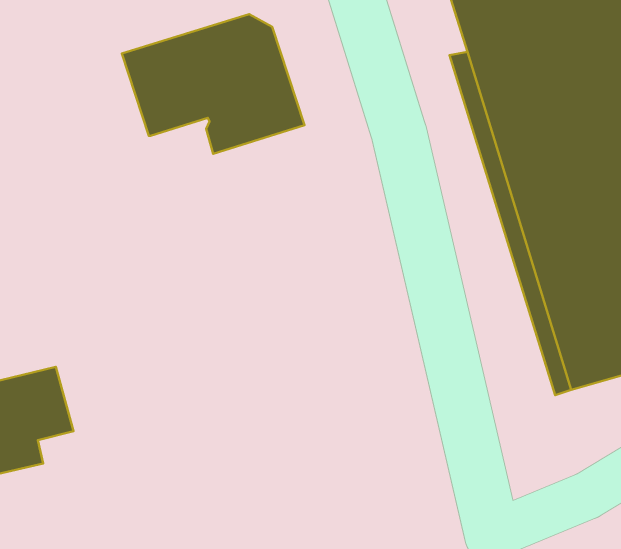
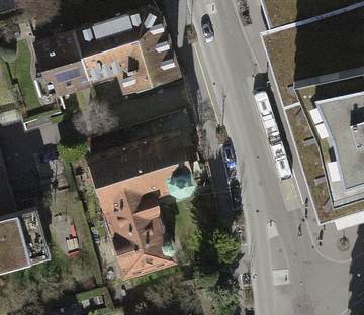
building: none -> [35,33,92,101]
building: none -> [90,132,199,276]

